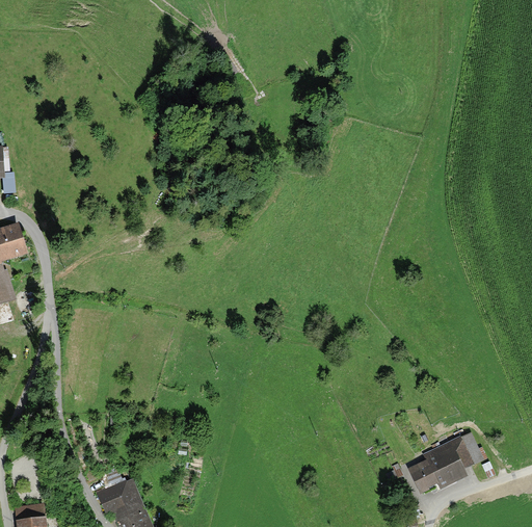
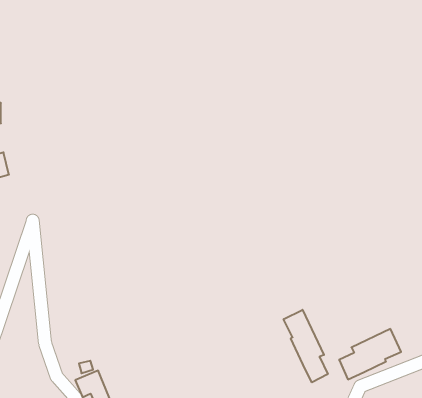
building: none -> [284,310,328,382]

